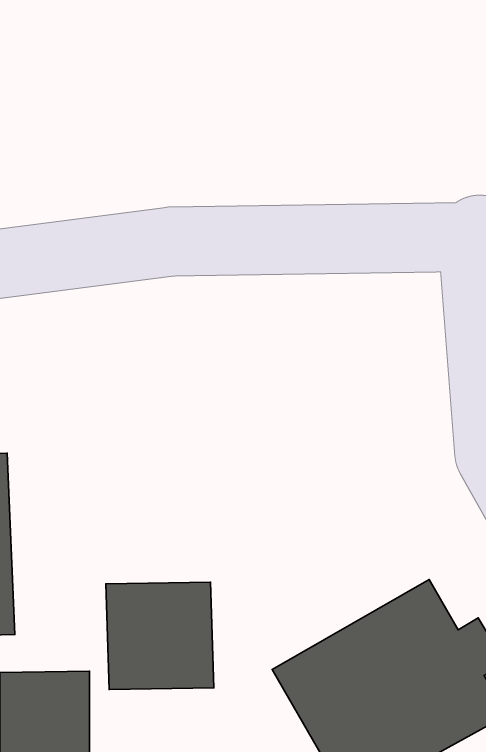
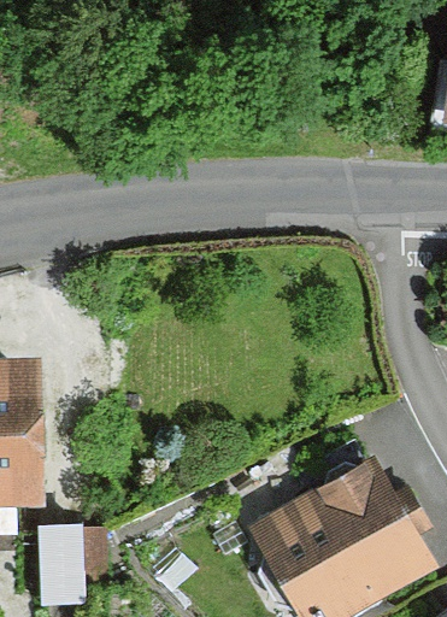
building: [106,582,214,690] -> none

